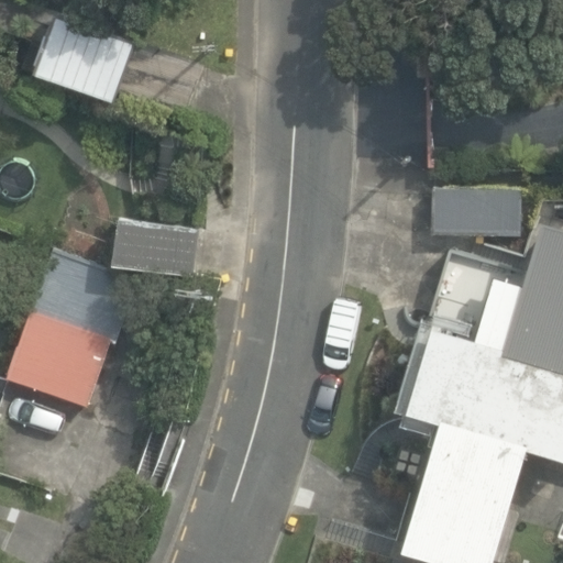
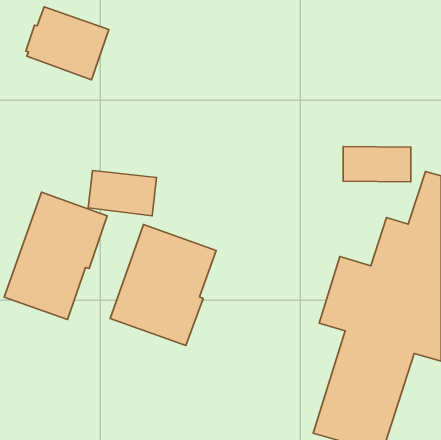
building: none -> [110,225,216,345]

